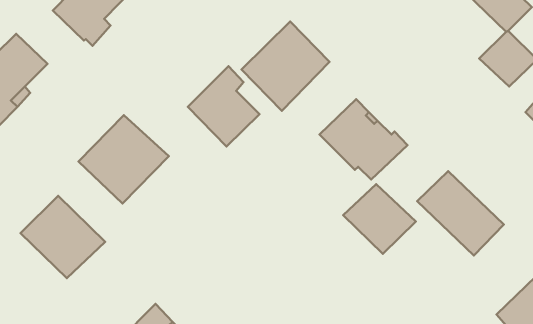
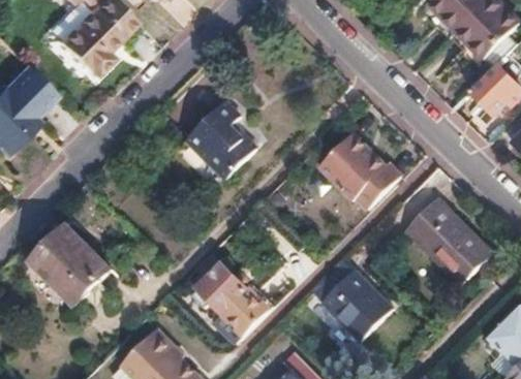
building: [241,21,330,111] -> none
building: [78,115,169,204] -> none
building: [343,184,416,254] -> [321,272,392,339]
building: none -> [194,265,270,334]

